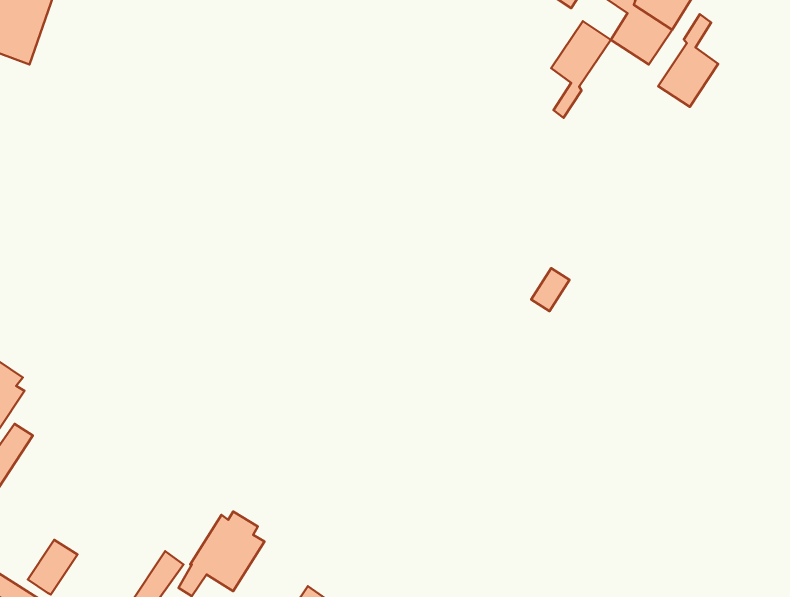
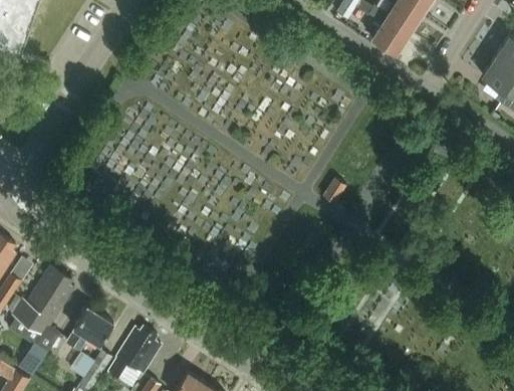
building: [658,14,718,107] -> none
building: [551,21,611,118] -> none
building: none -> [13,265,74,335]
building: none -> [68,307,113,351]

